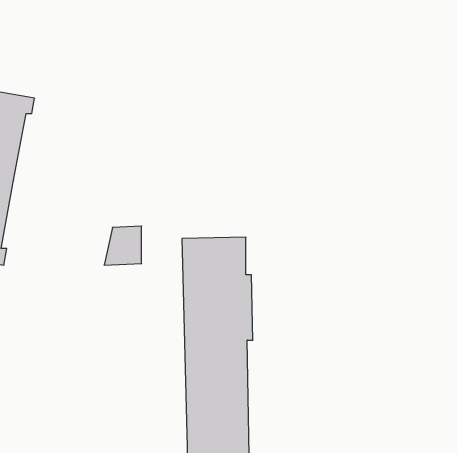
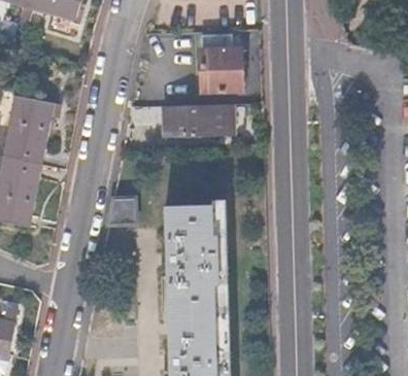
building: none -> [202,34,242,90]
building: none -> [163,103,232,138]

